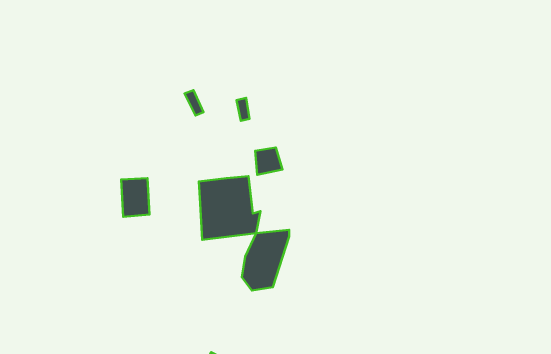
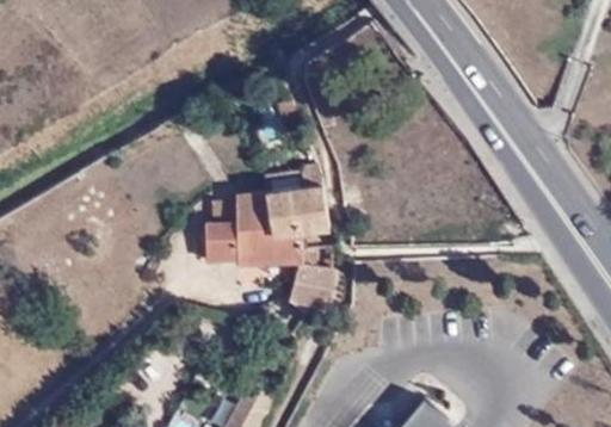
building: none -> [282,192,323,240]
building: [121,178,150,217] -> [200,229,232,271]

